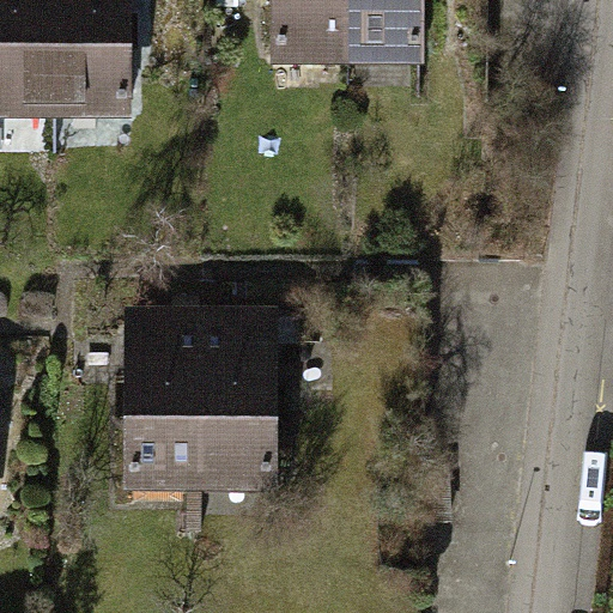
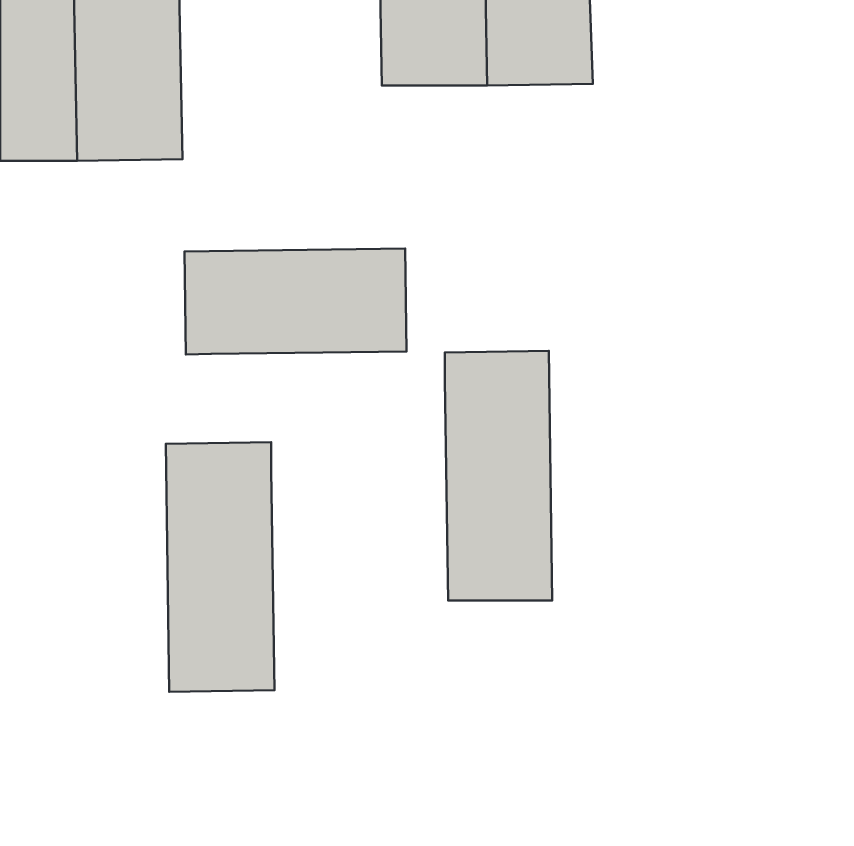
building: none -> [185,249,406,354]
building: [195,315,272,493] -> [445,351,552,600]

